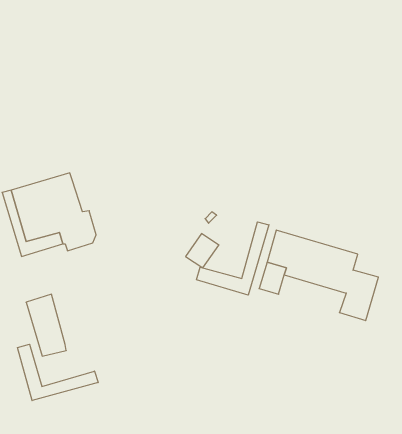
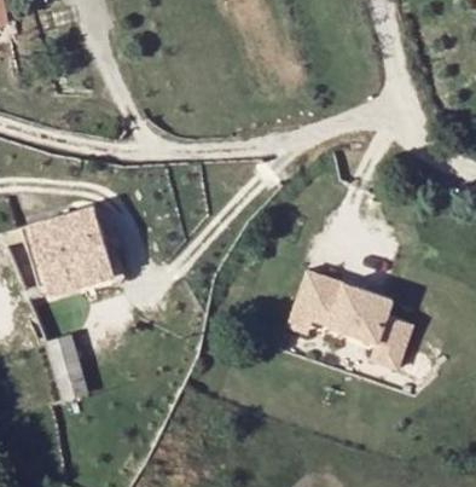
building: [196,222,269,295] -> none
building: [18,344,98,401] -> none

